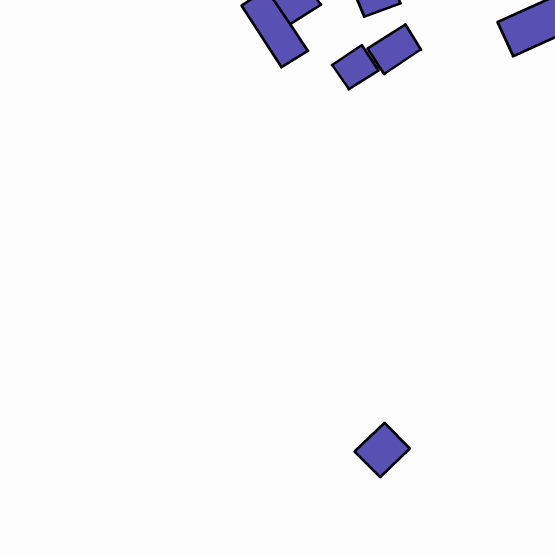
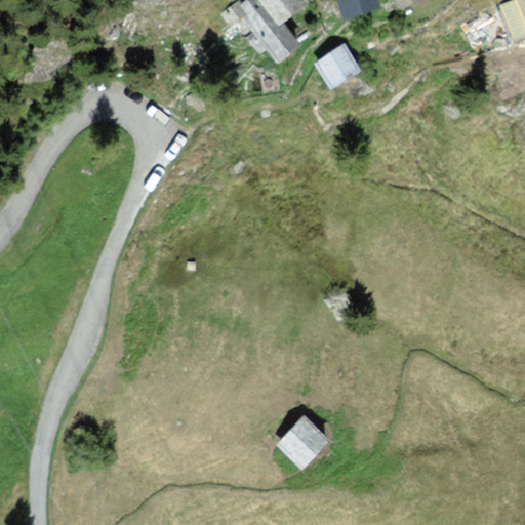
building: [368,24,421,74] -> none
building: [355,423,410,477] -> [278,416,329,467]

